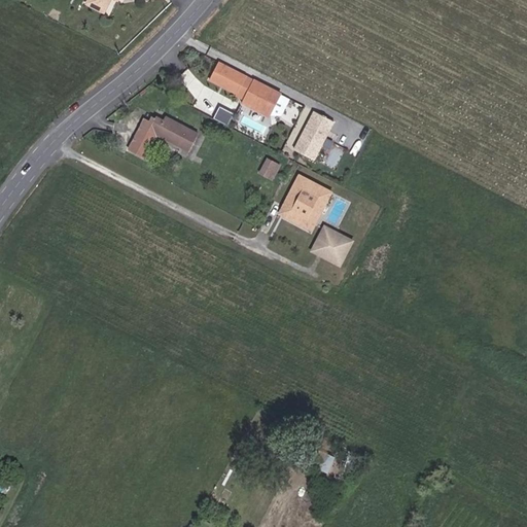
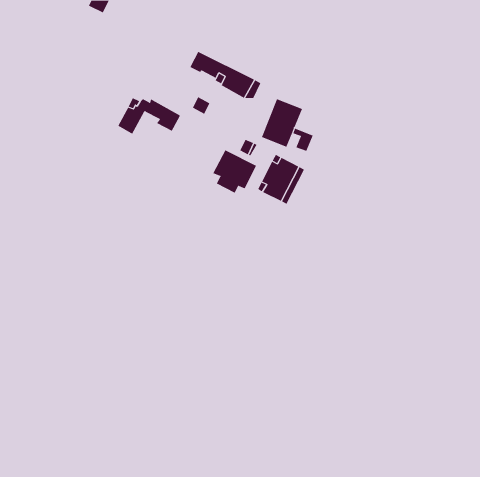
building: none -> [212,149,257,194]
building: [314,225,348,264] -> none

